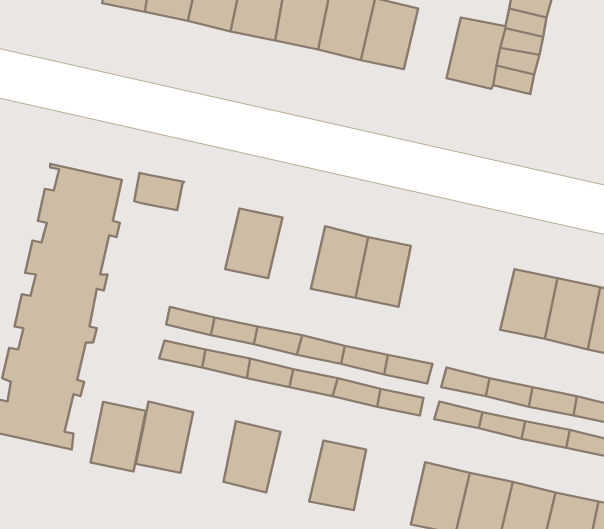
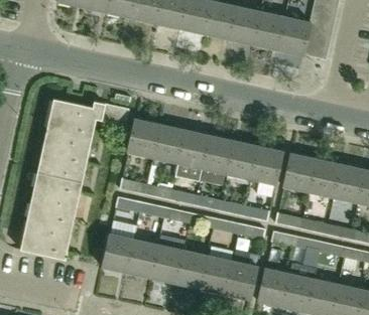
building: none -> [253,11,285,50]
building: none -> [127,118,160,158]
building: none -> [176,129,209,169]
building: none -> [250,145,282,185]
building: none -> [283,152,316,192]
building: [91,402,146,471] -> [127,239,158,278]
building: none -> [175,250,208,289]
building: none -> [225,260,257,300]

